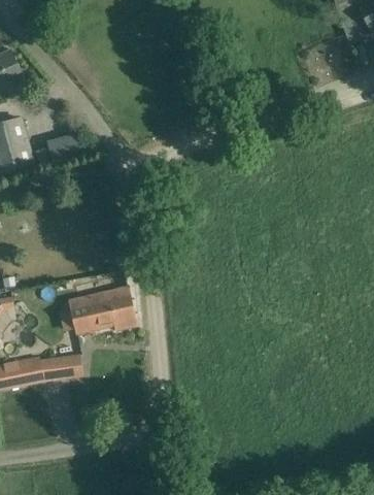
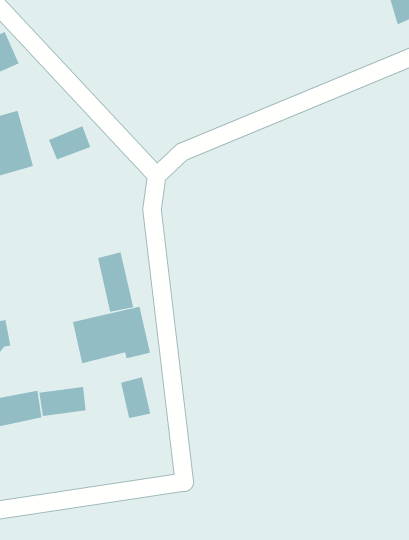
building: none -> [98,251,134,313]
building: none -> [121,376,151,419]

